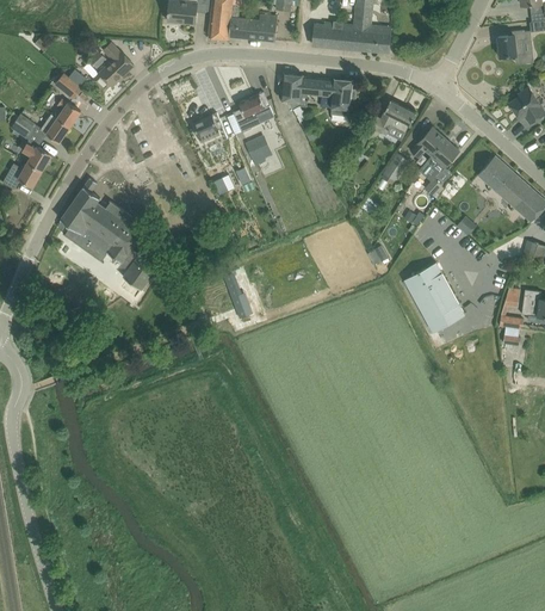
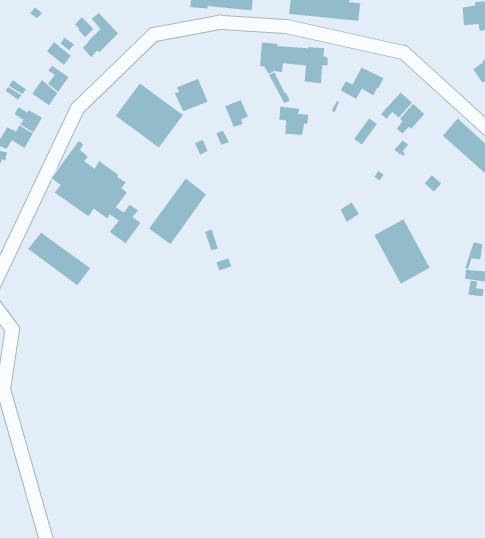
building: [233,92,274,131] -> none
building: none -> [115,82,184,149]
building: none -> [279,106,309,136]
building: none -> [148,178,207,245]
building: none -> [27,232,91,286]

